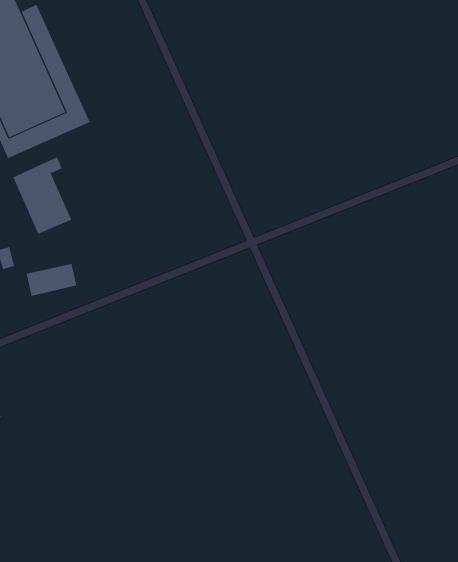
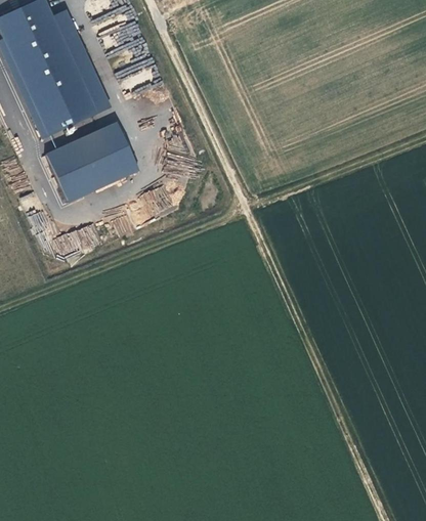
building: none -> [79,122,138,189]

